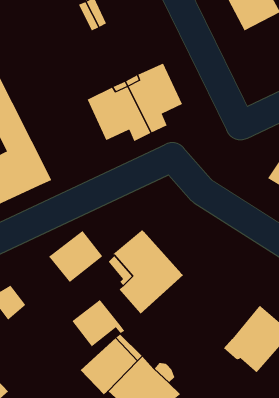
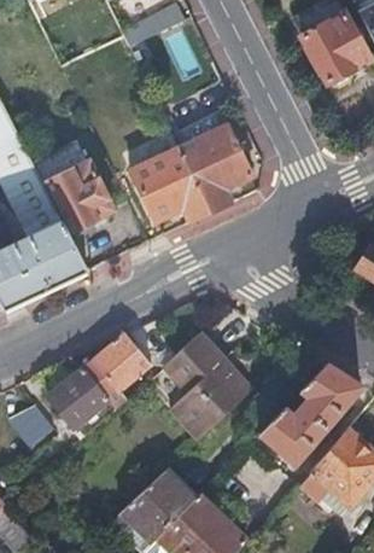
building: none -> [45,158,112,231]
building: none -> [257,365,361,465]
building: [71,299,125,347] -> [46,371,113,431]

